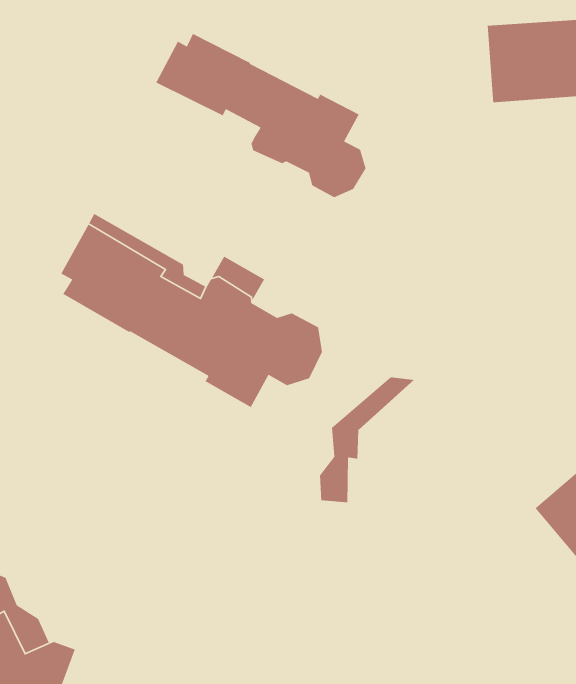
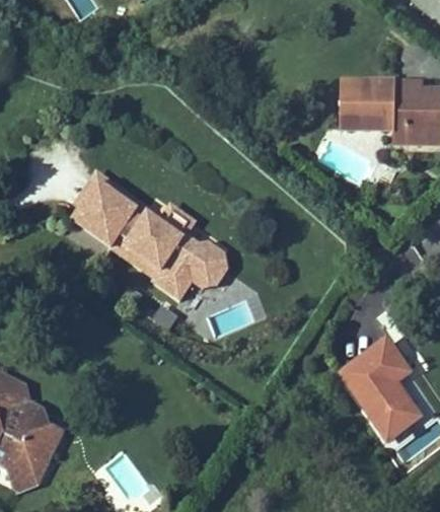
building: [155,33,366,198] -> none
building: [319,376,415,503] -> none

